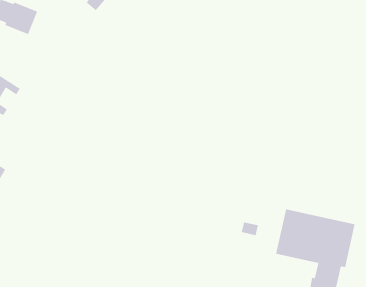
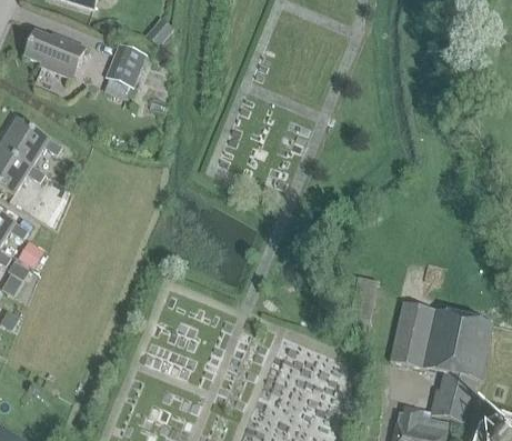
building: none -> [107,43,145,87]

